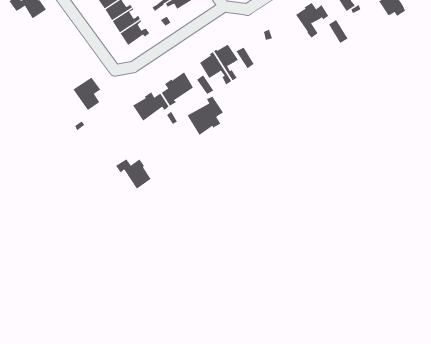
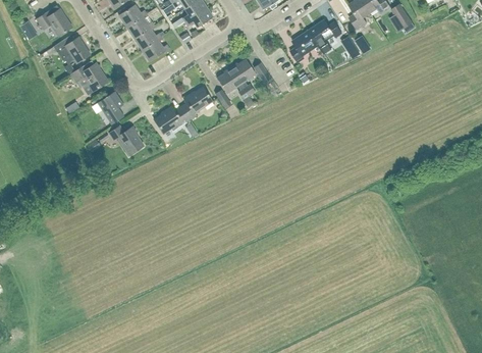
building: none -> [291,32,321,62]
building: none -> [53,35,90,62]
building: none -> [71,60,108,90]
building: [187,96,224,136] -> none
building: [115,159,151,189] -> [109,125,144,155]

